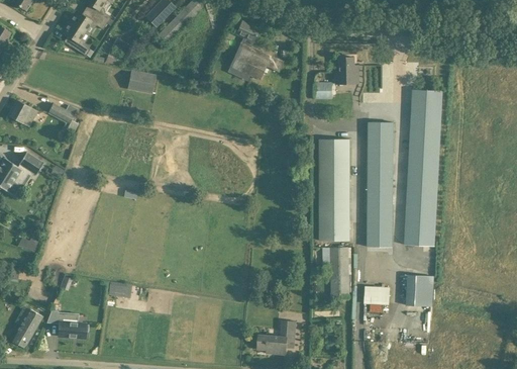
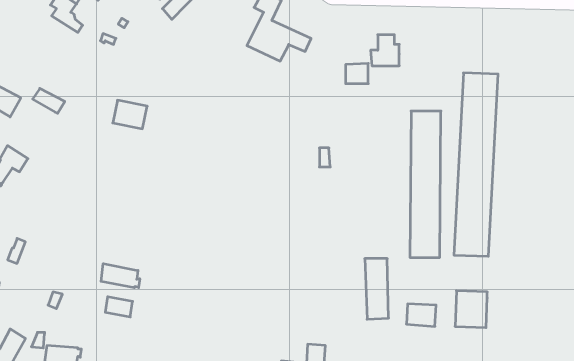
building: [126,70,156,94] -> [113,100,147,129]
building: [318,139,349,241] -> none
building: none -> [101,264,140,288]

